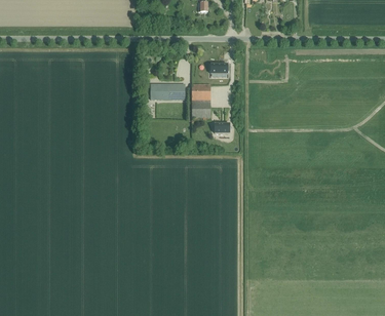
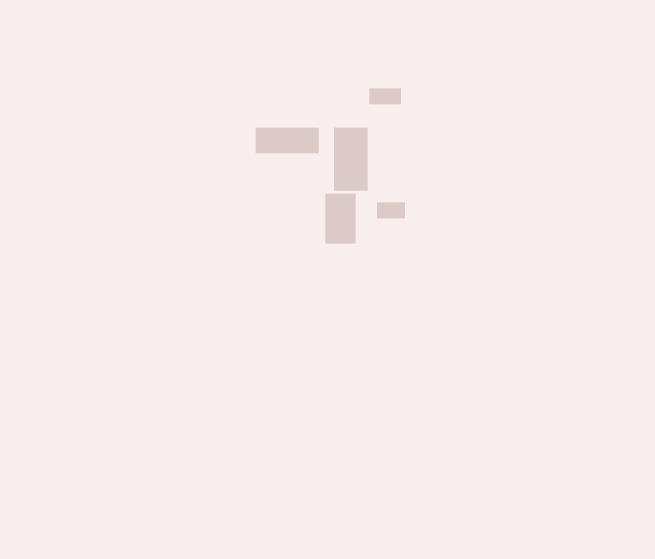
building: none -> [325,193,356,245]

